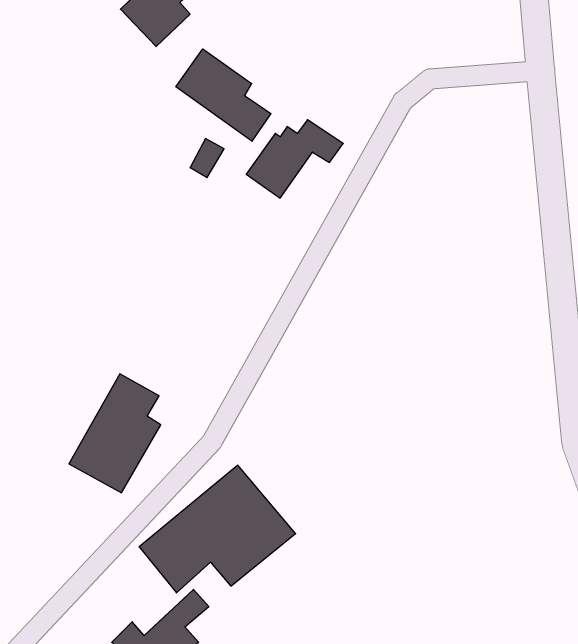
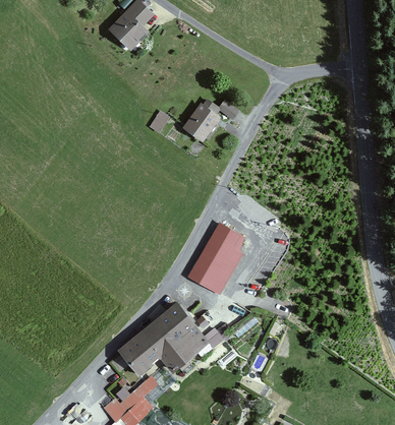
building: [176,49,271,141] -> none
building: [69,374,161,493] -> [188,223,243,294]

